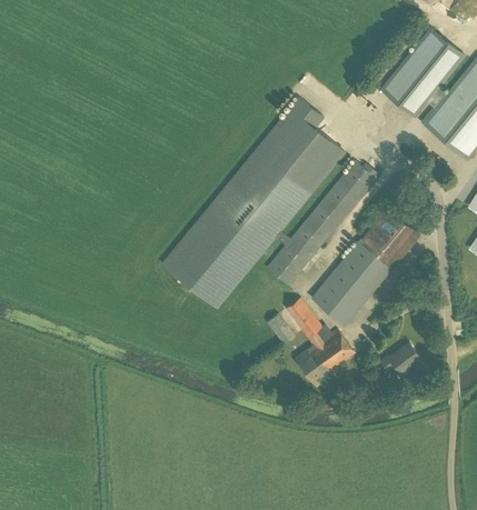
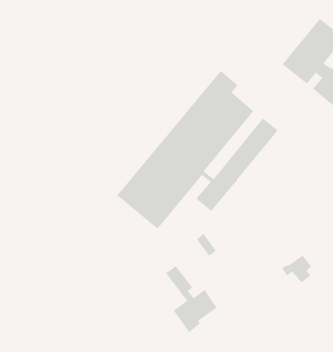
building: [310,208,418,327] -> none
building: [285,298,354,387] -> [165,266,217,333]

